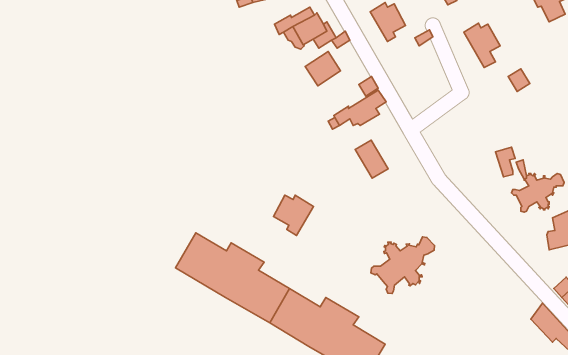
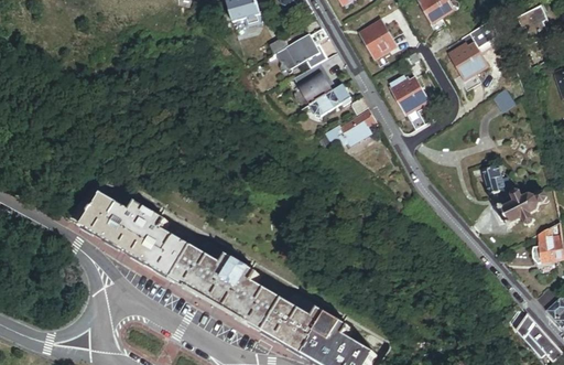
building: none -> [388,73,426,116]
building: none -> [310,83,350,115]
building: [355,140,388,178] -> none
building: none -> [80,193,192,280]
building: [274,195,314,235] -> none
building: [371,237,435,294] -> none

